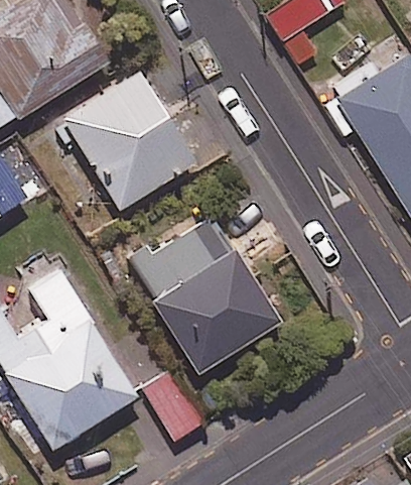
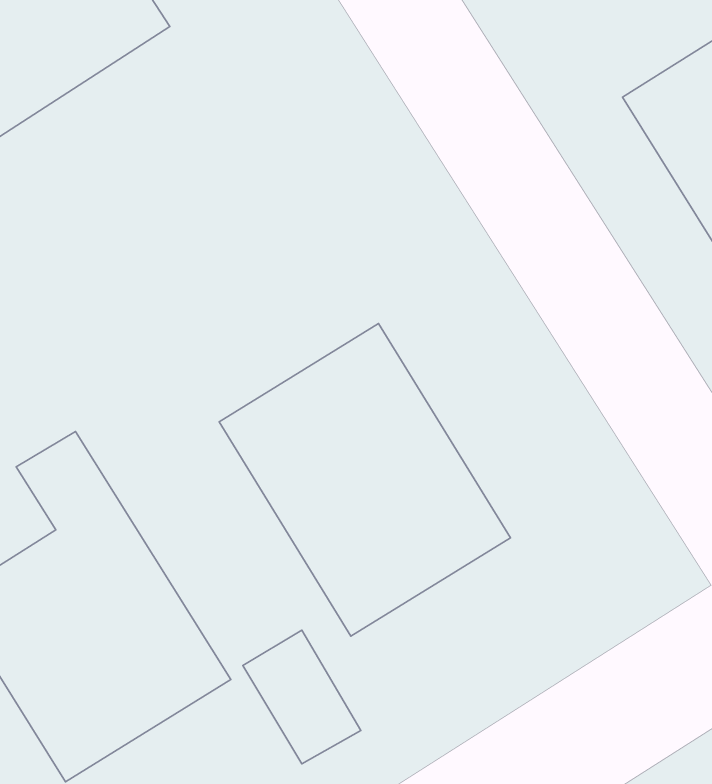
building: [62,73,195,210] -> none

